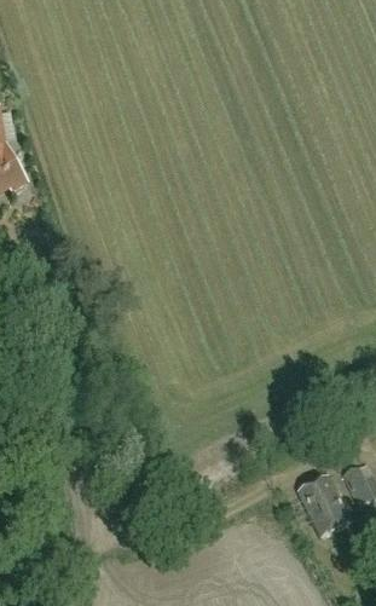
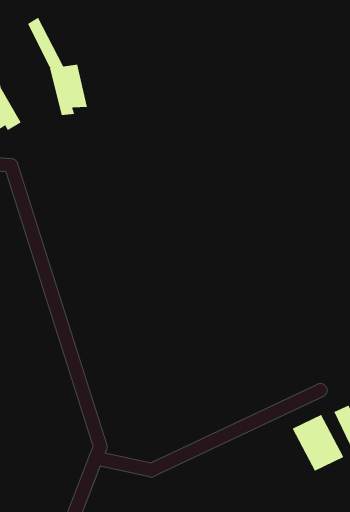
building: none -> [27,17,88,116]

